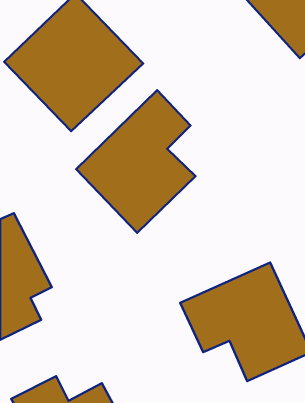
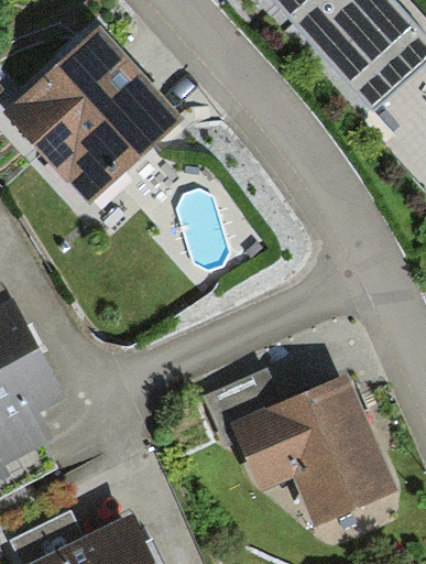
building: [76,90,195,233] -> none

